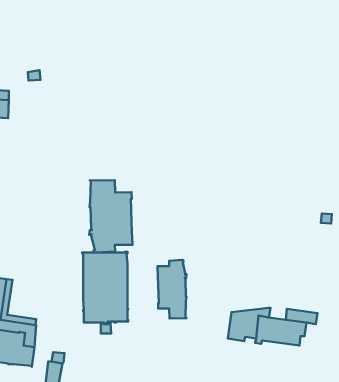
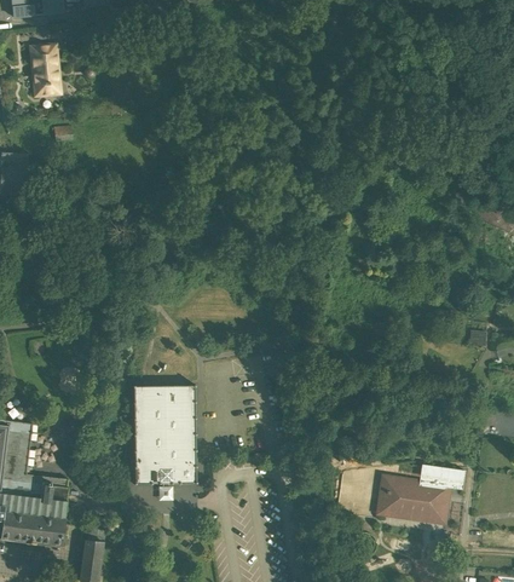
building: none -> [30,47,58,97]
building: [89,180,133,253] -> none
building: [158,260,187,318] -> none

